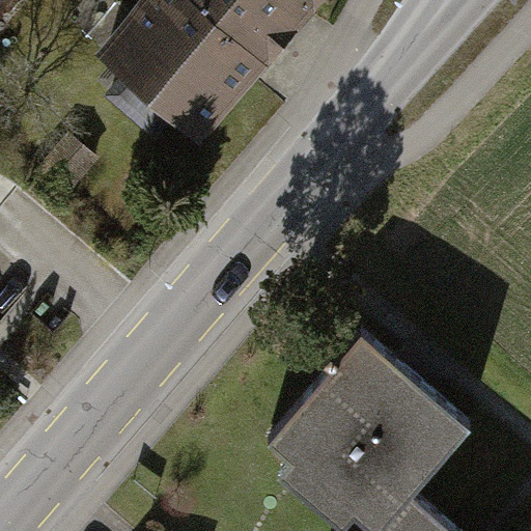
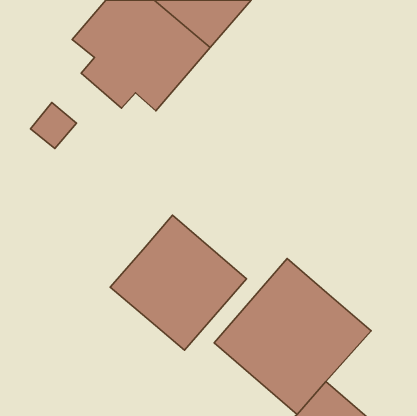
building: none -> [110,215,246,350]

